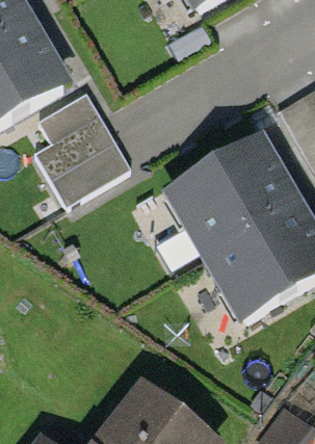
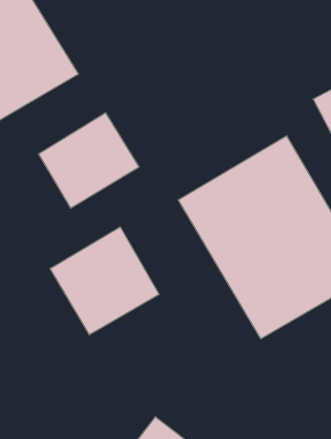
building: none -> [50,227,159,335]

